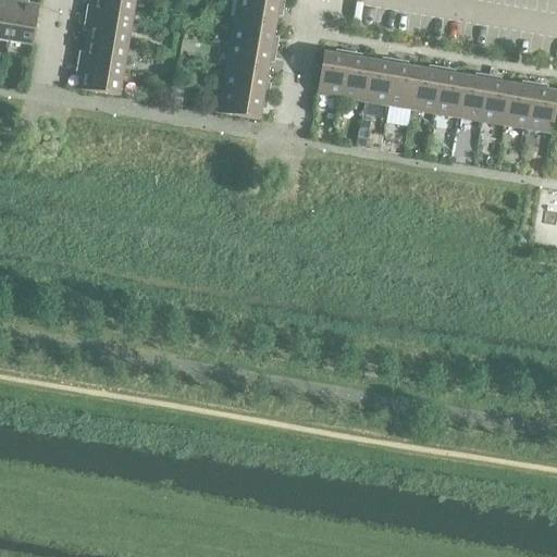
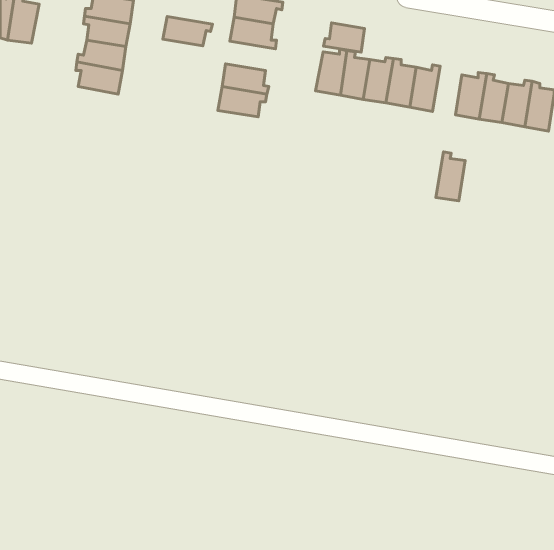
building: none -> [324,23,365,52]
building: [226,41,276,71] -> [163,17,213,46]
building: [434,66,463,115] -> [436,152,465,201]

